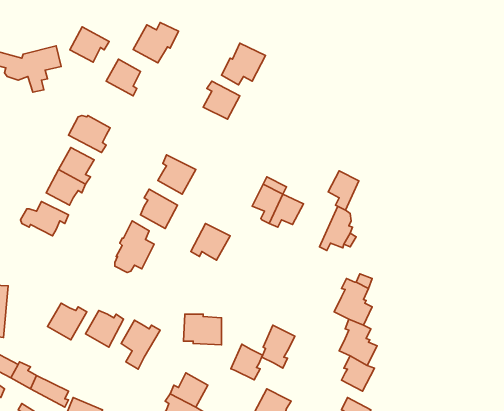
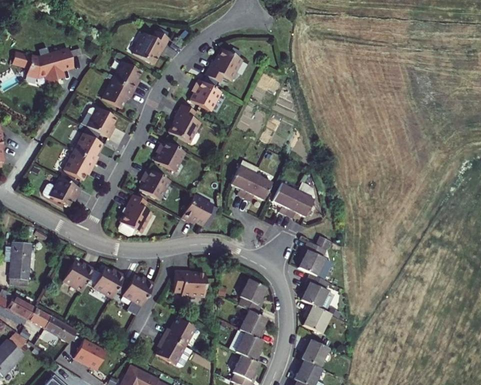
building: [70,27,109,62] -> [101,80,133,109]
building: none -> [168,104,199,143]
building: [328,171,359,210] -> [271,183,296,215]
building: [231,344,263,380] -> [239,310,265,339]

